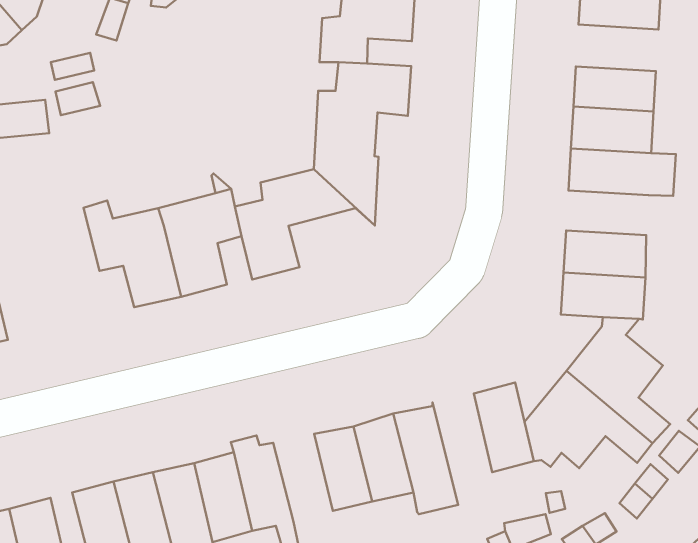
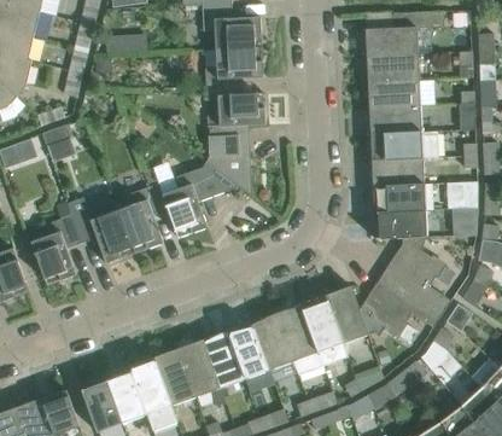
building: none -> [367,53,419,82]
building: none -> [372,158,424,186]
building: none -> [31,202,82,285]
building: none -> [300,295,349,366]
building: none -> [203,331,245,388]

